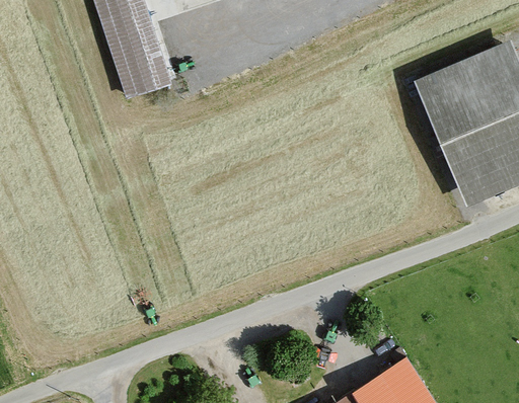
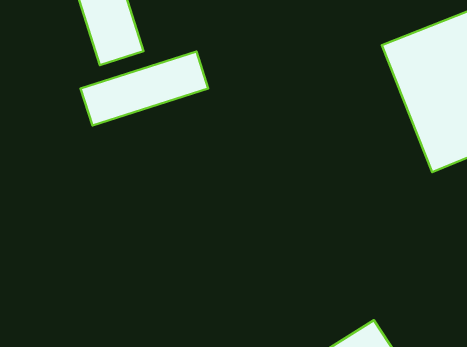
building: none -> [81,51,208,126]

